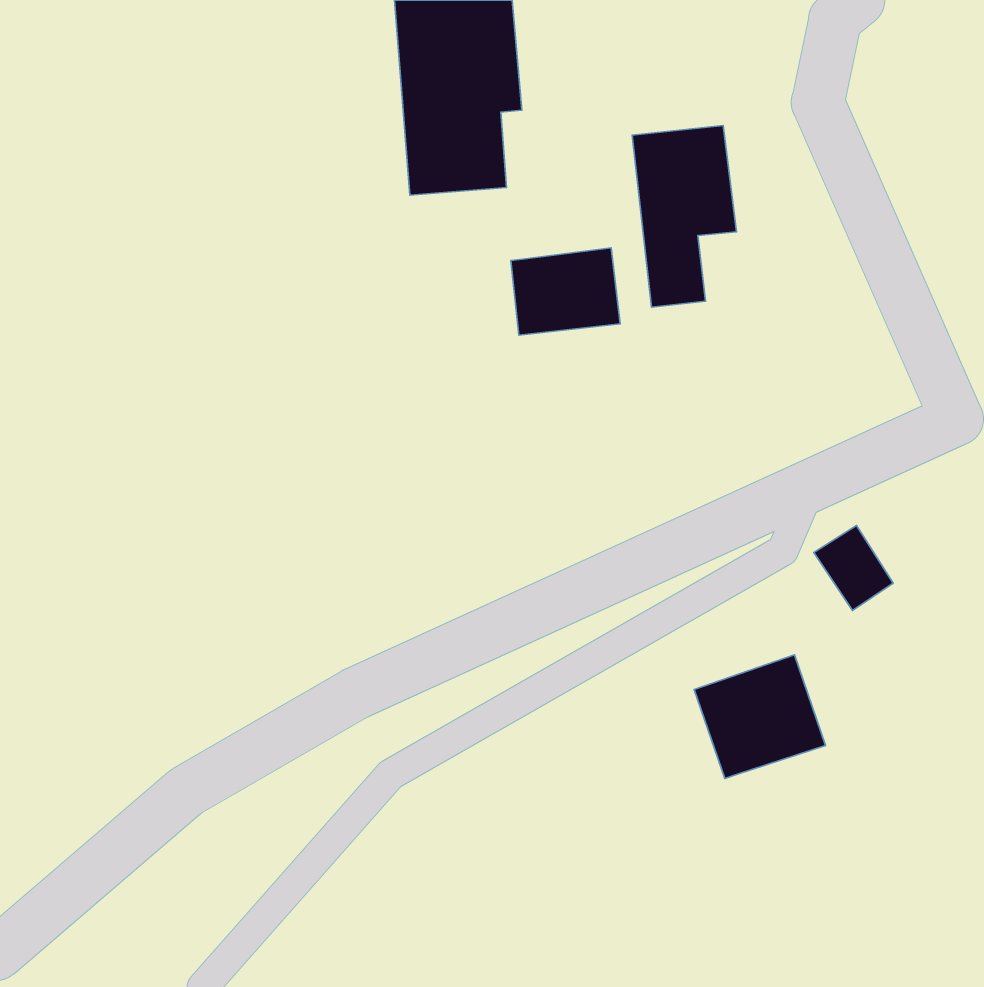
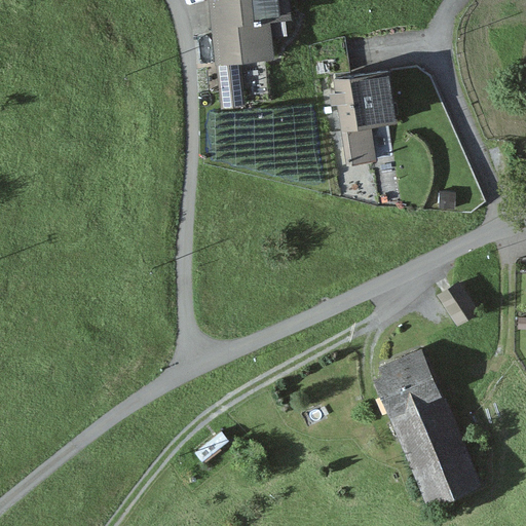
building: [511,248,620,335] -> none
building: none -> [391,393,479,509]

